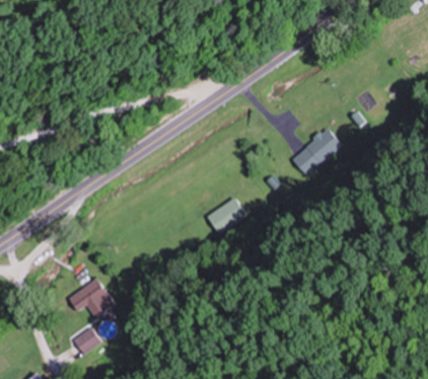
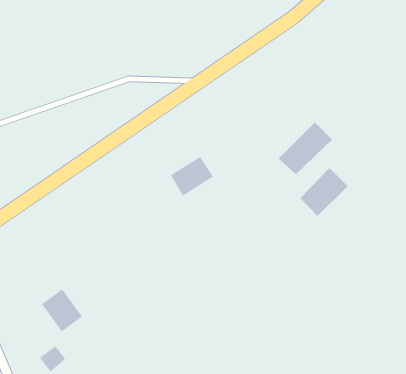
building: none -> [300,167,348,217]
building: [207,198,246,234] -> [170,156,214,196]

